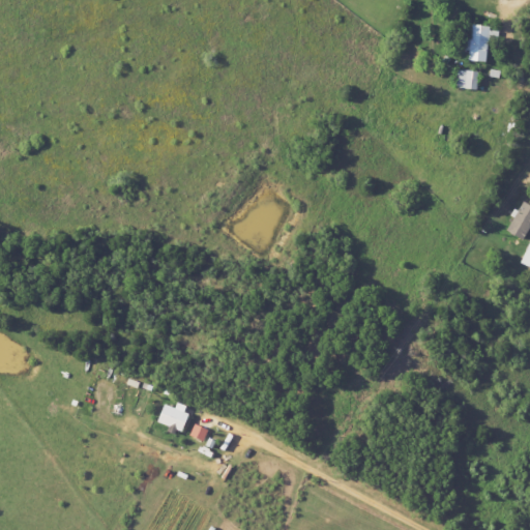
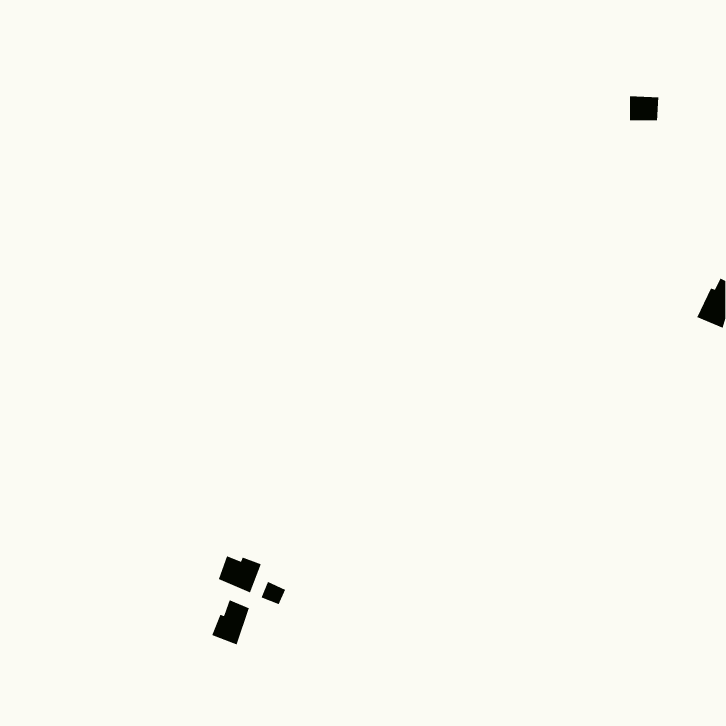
building: [468,24,492,62] -> none
building: none -> [211,599,250,646]

